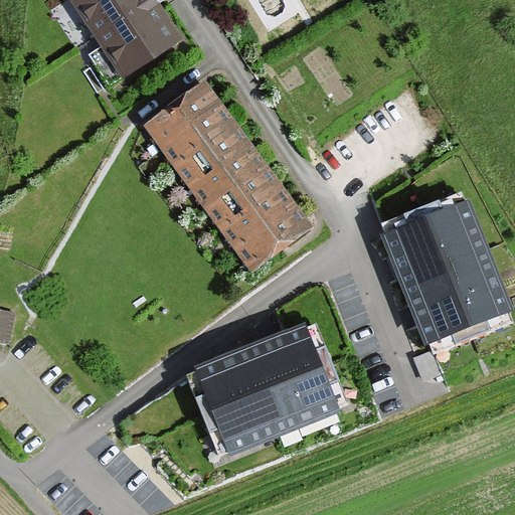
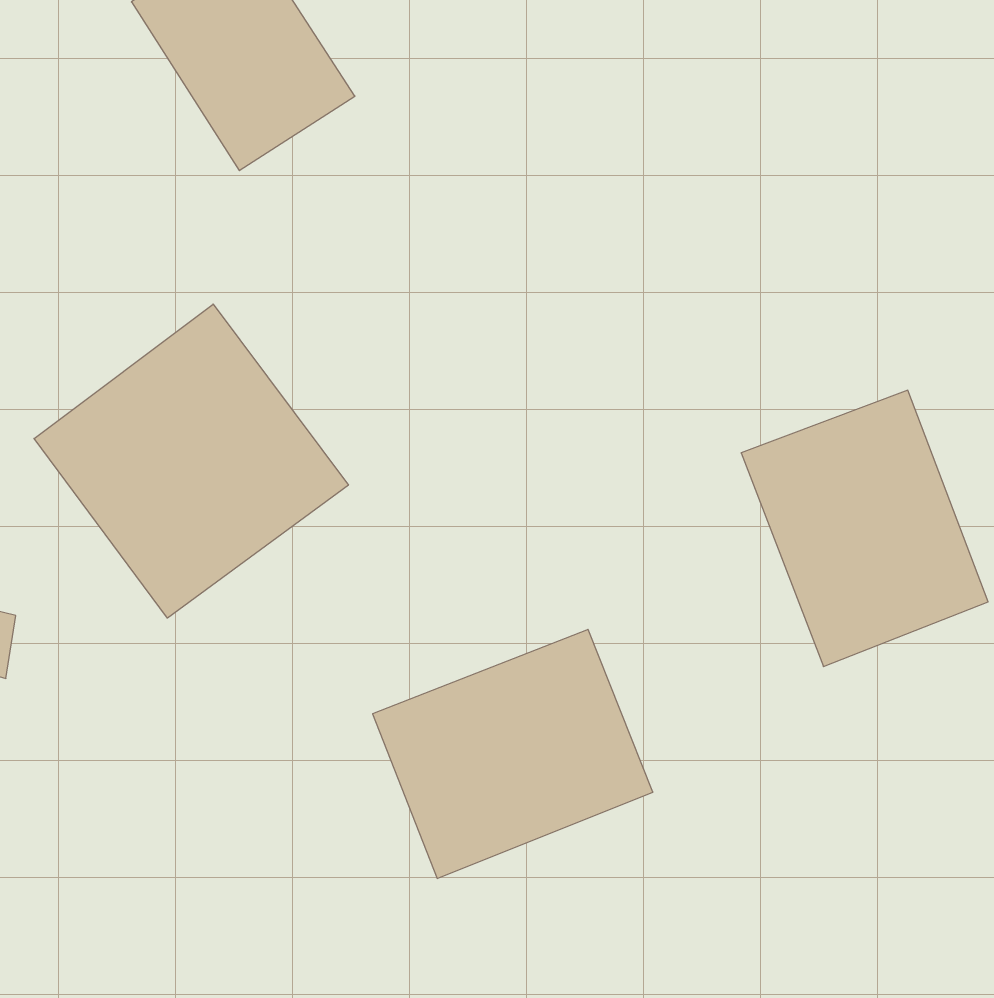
building: [148,84,314,272] -> none
building: none -> [34,304,348,618]

